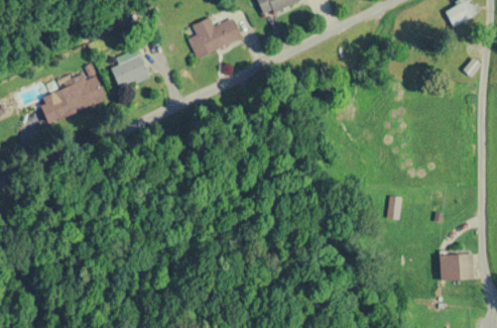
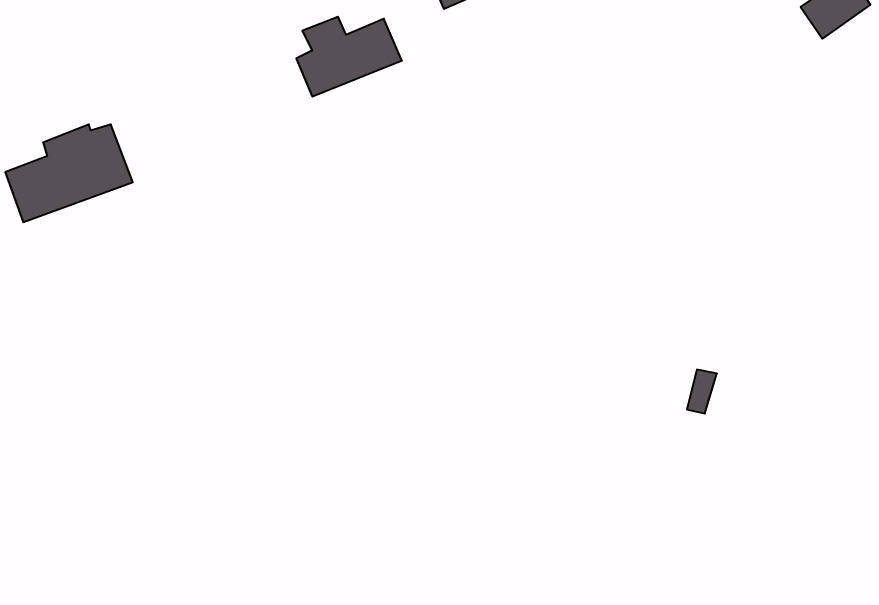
building: [111,48,148,88] -> none
building: [440,252,473,280] -> none

